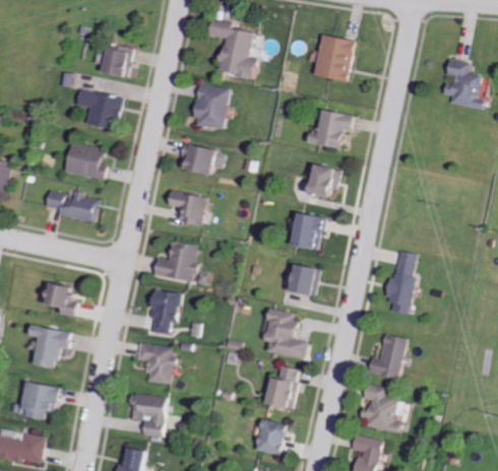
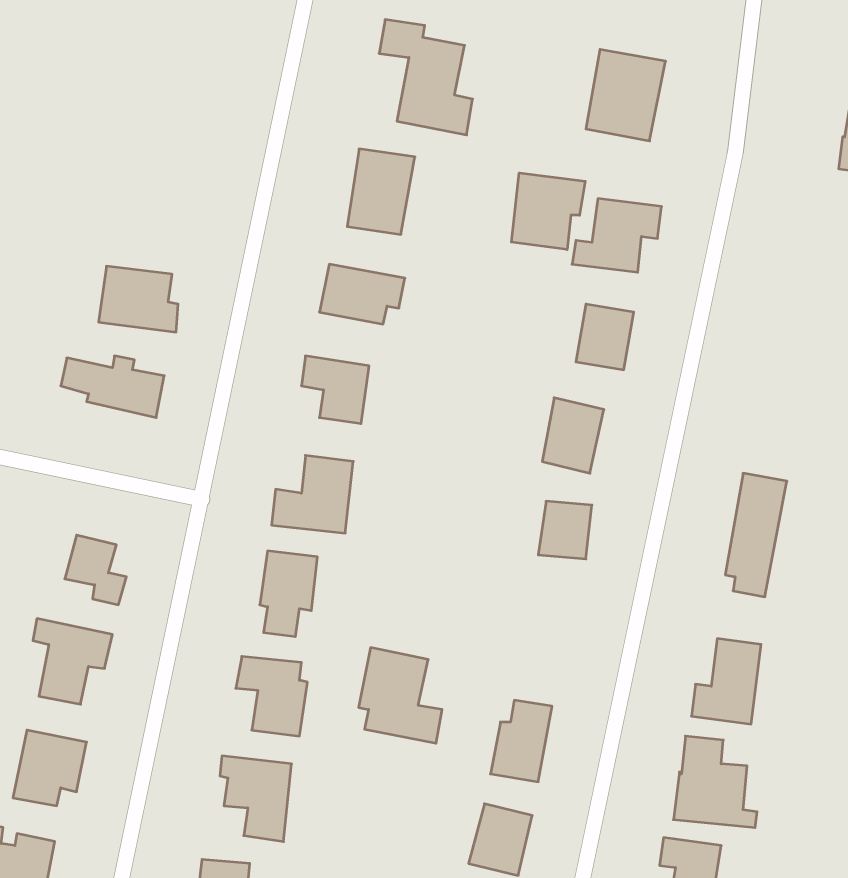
building: [94,43,131,76] -> none
building: [75,89,121,128] -> none
building: none -> [511,173,585,250]
building: [262,310,305,358] -> [359,648,442,743]

